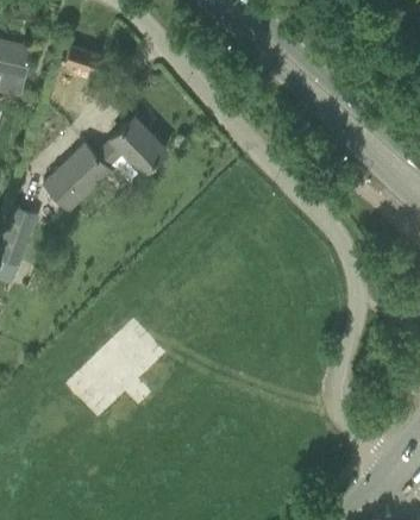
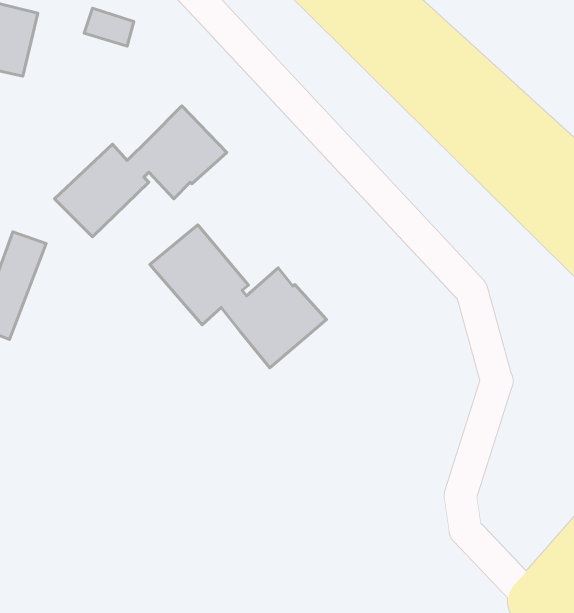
building: none -> [150,225,326,368]

